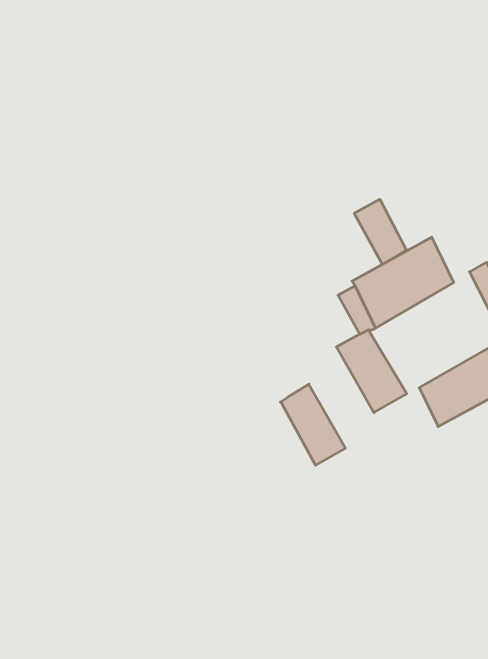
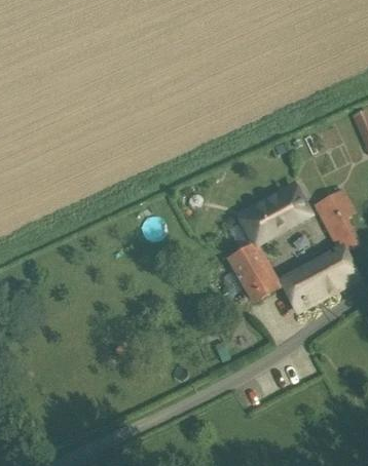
building: [354,199,407,264] -> none
building: [280,384,345,465] -> none

